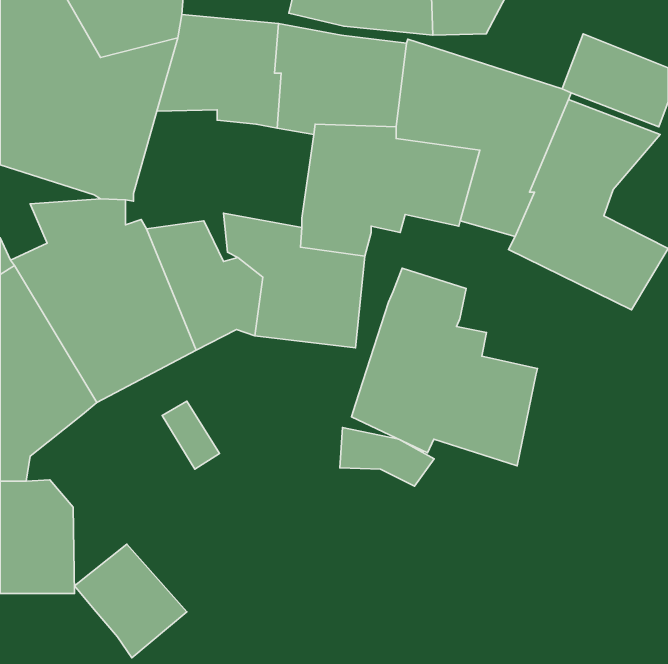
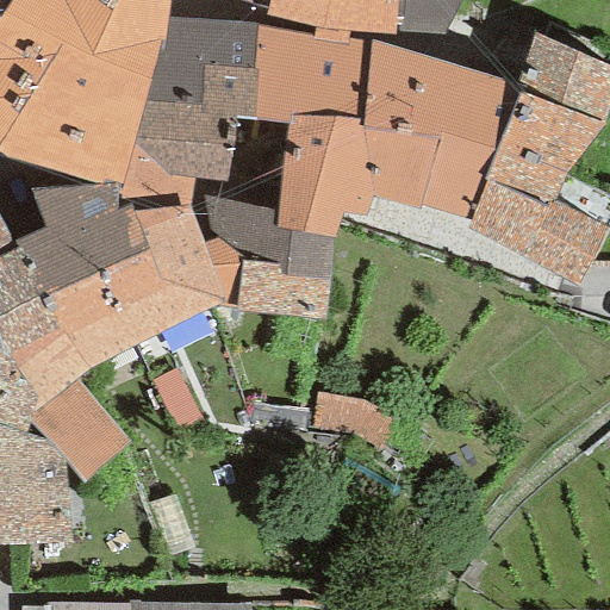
building: none -> [114,100,234,208]
building: [351,268,537,466] -> none
building: [74,544,187,658] -> [27,378,130,481]

